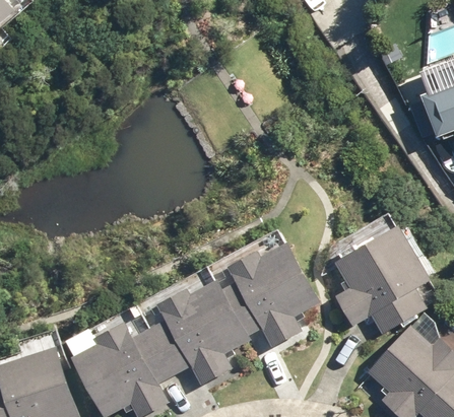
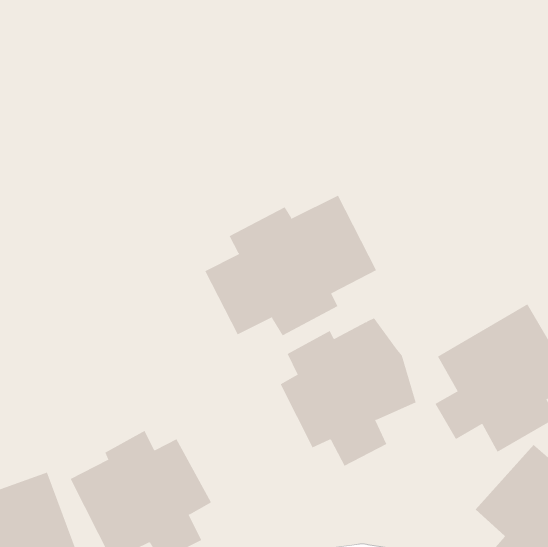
building: none -> [204,195,377,336]
building: [147,274,249,381] -> none

